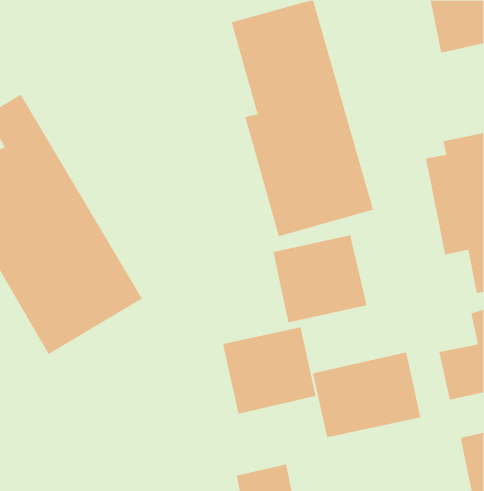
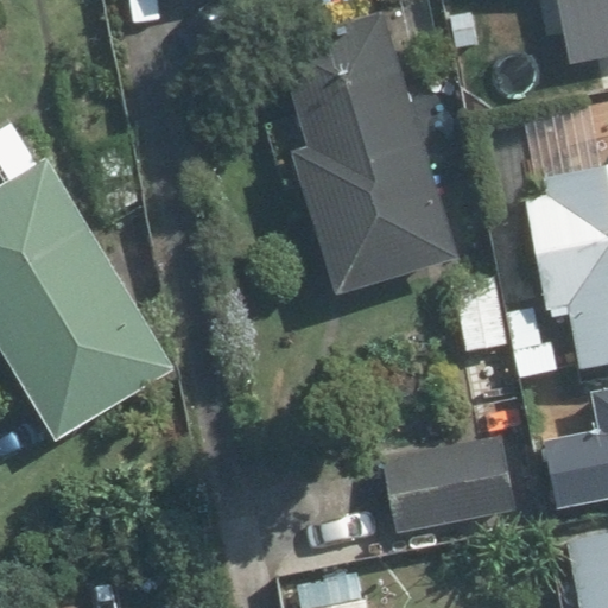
building: [273,234,367,323] -> none
building: [222,326,316,414] -> none

